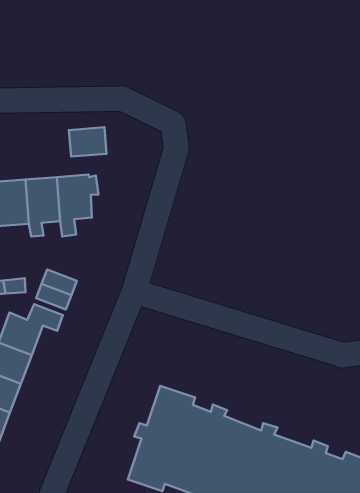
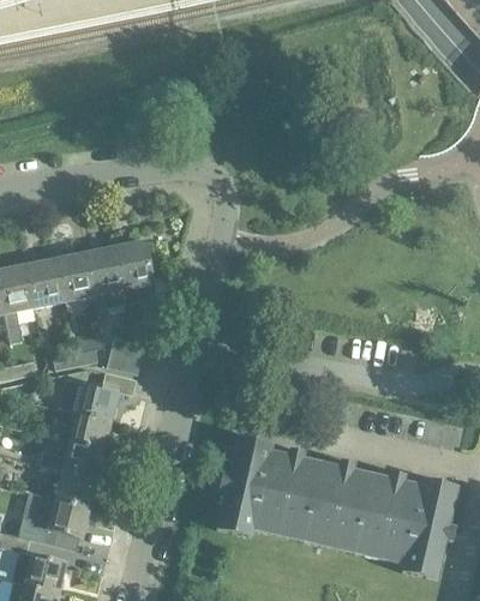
building: [69,127,106,156] -> none

